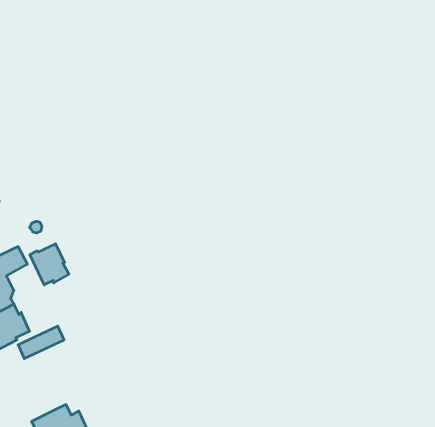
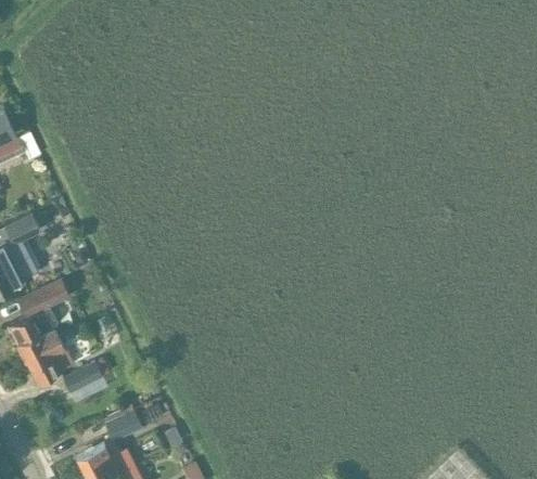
building: [30,244,69,285] -> none
building: none -> [103,410,142,442]

